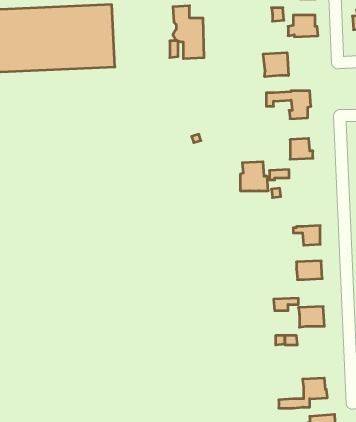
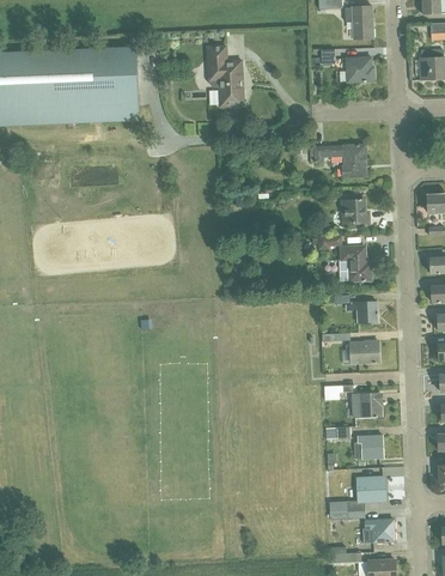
building: [263,53,288,77] -> none
building: [240,162,268,191] -> [339,247,371,280]
building: none -> [354,435,383,459]

